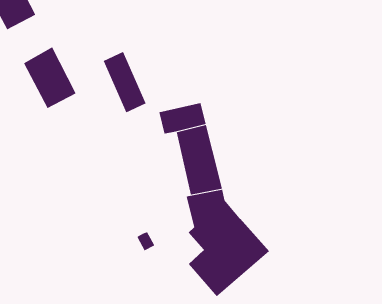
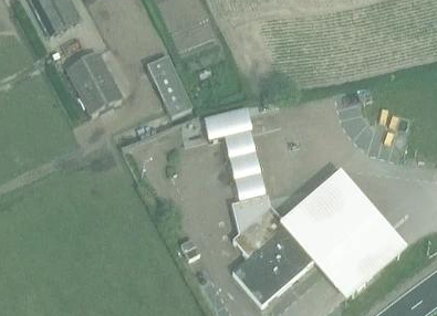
building: none -> [279,165,403,291]

